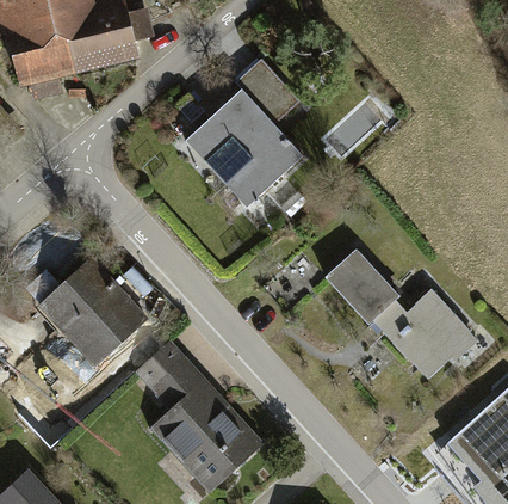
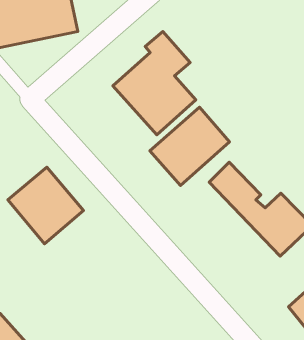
building: none -> [150,107,229,185]
building: [135,338,264,494] -> none

